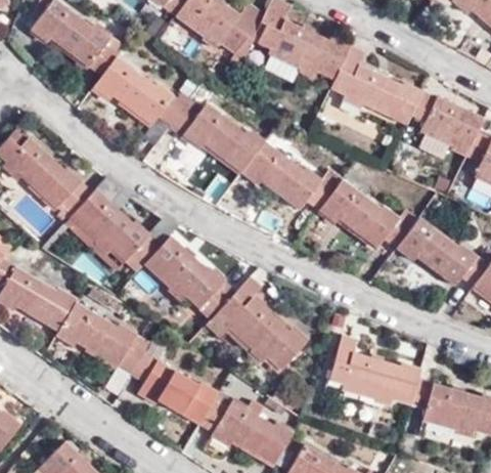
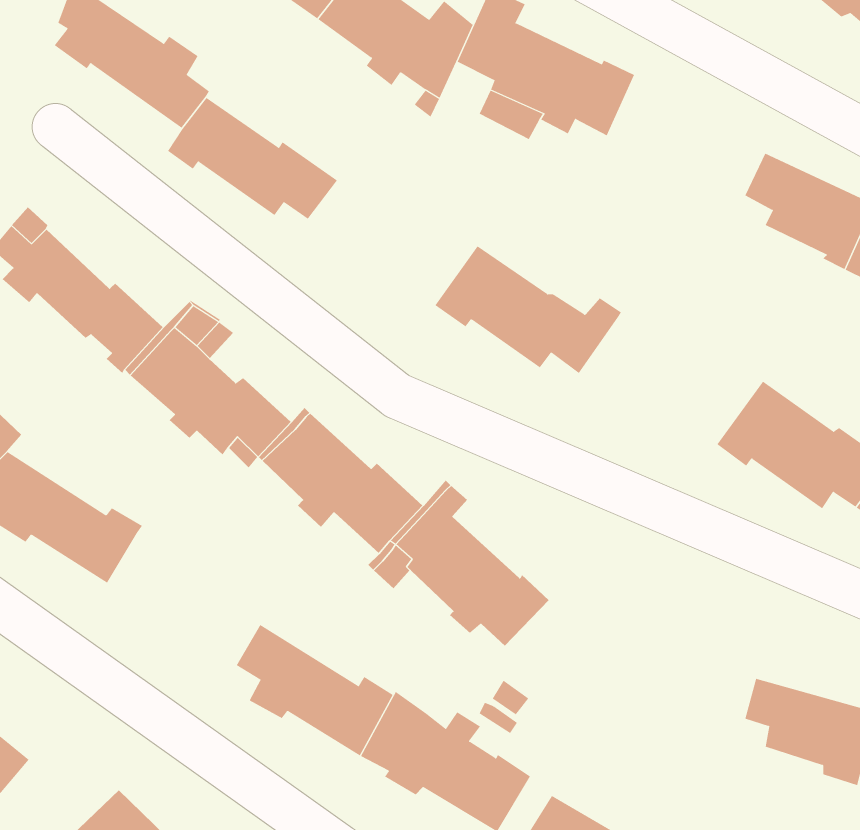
building: [333,48,422,125] -> none
building: [171,106,264,175] -> none
building: [320,182,420,252] -> none
building: [57,301,148,374] -> none
building: [330,337,419,406] -> none

